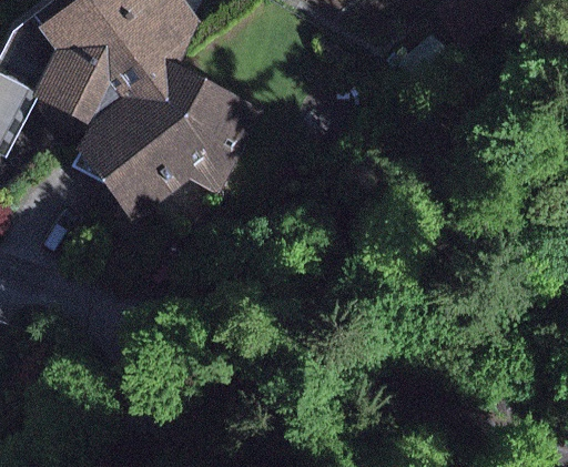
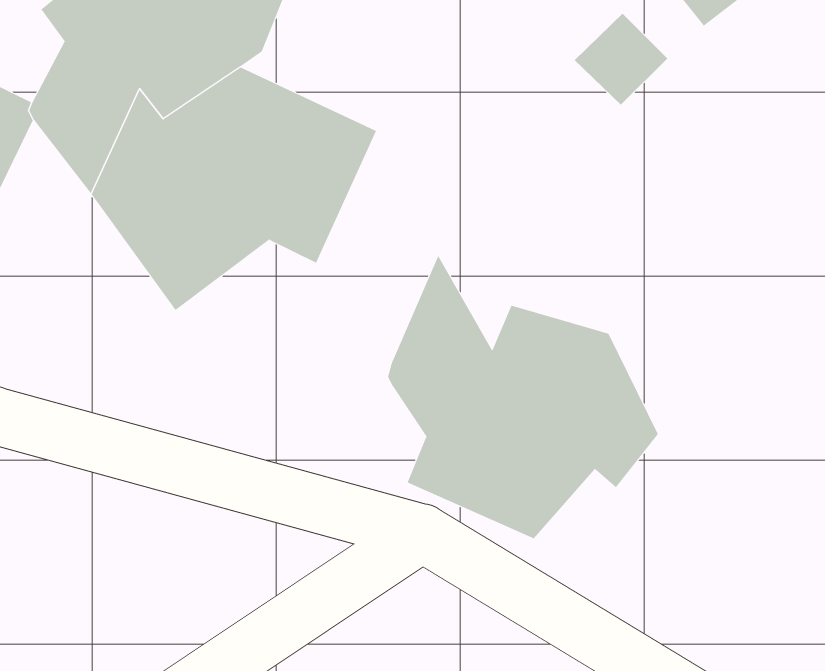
building: none -> [387,255,658,539]

